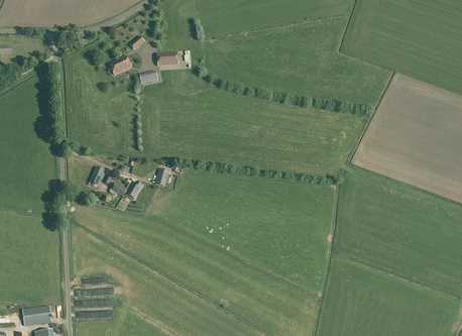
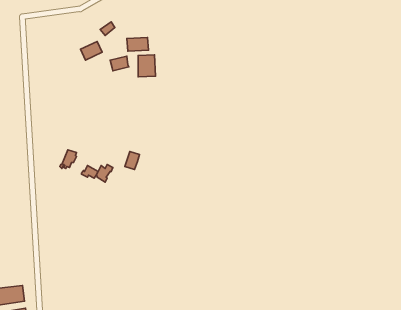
building: none -> [138,55,156,77]

